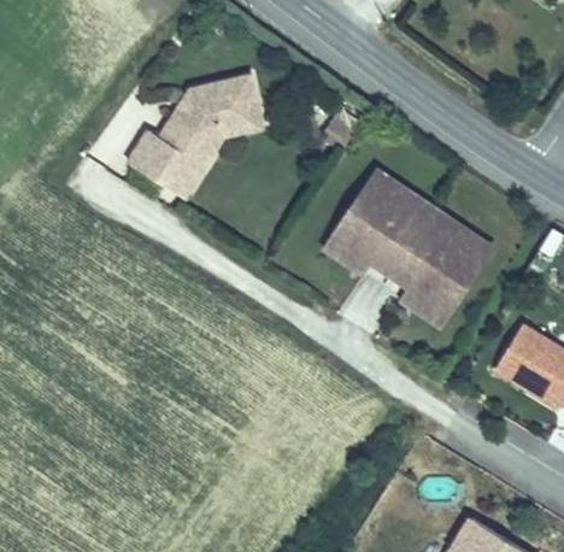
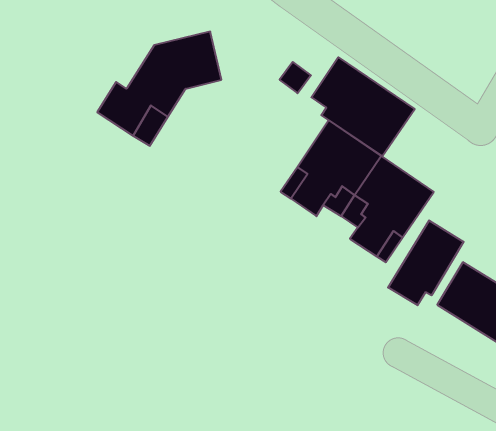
building: none -> [311,57,415,156]
building: none -> [388,220,464,305]

